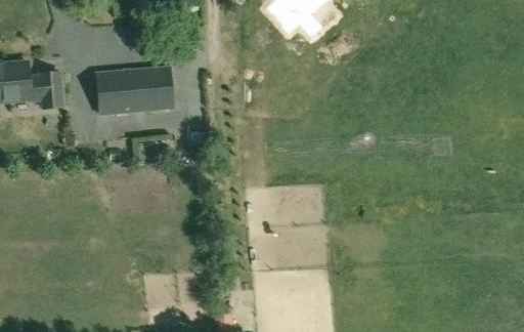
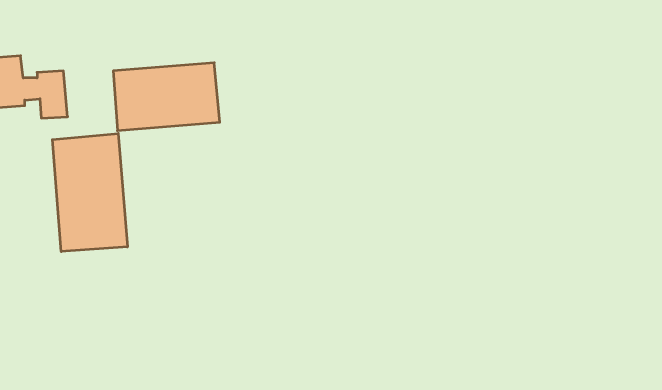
building: none -> [52,133,127,252]

